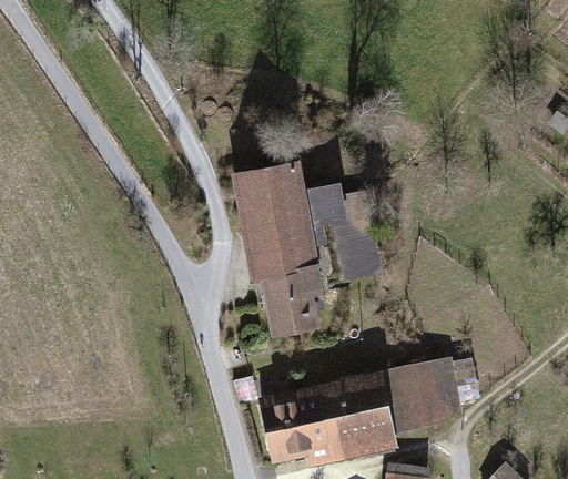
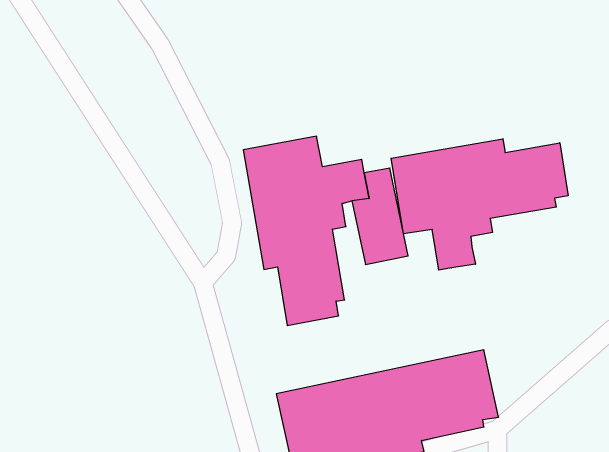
building: none -> [391,139,568,270]

